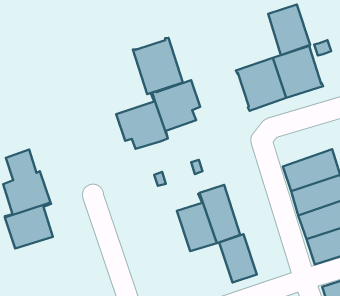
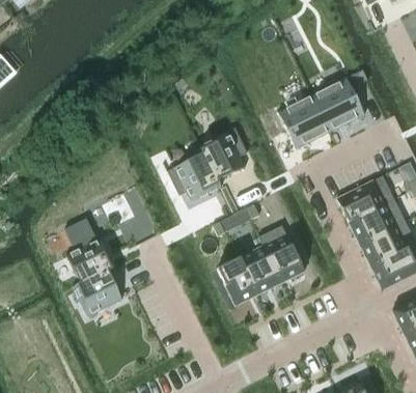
building: [268,4,310,55] -> none
building: [133,38,183,94] -> none
building: [219,234,257,283] -> [216,257,257,306]

